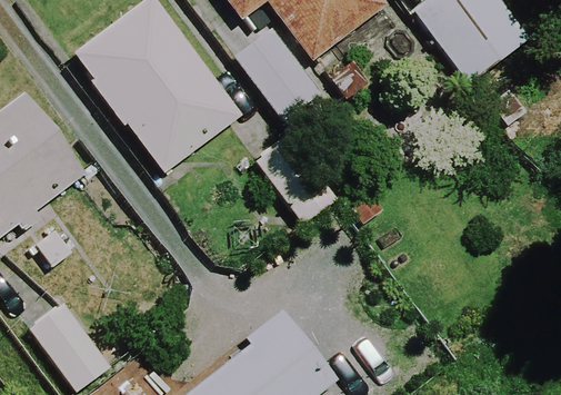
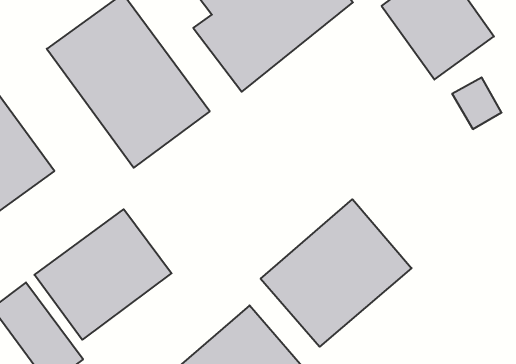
building: none -> [261,199,412,347]
building: none -> [34,209,172,340]

